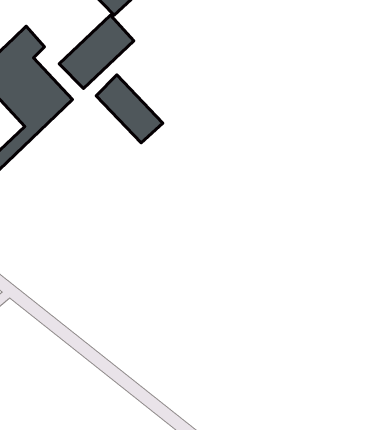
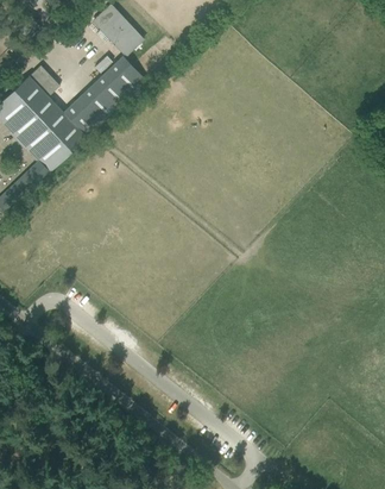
building: [96,75,163,143] -> none

